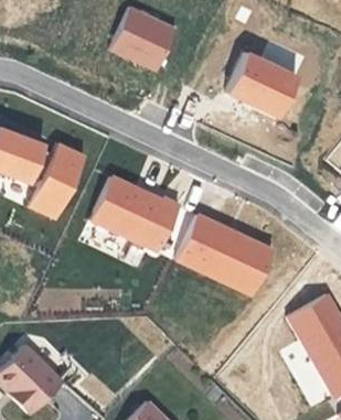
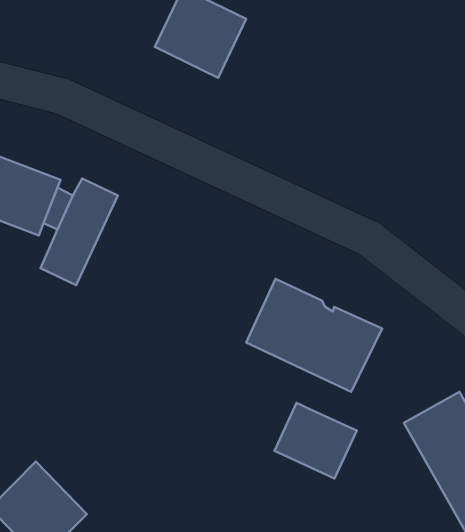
building: [227,53,297,117] -> none
building: [92,176,180,251] -> none
building: none -> [274,403,357,478]

